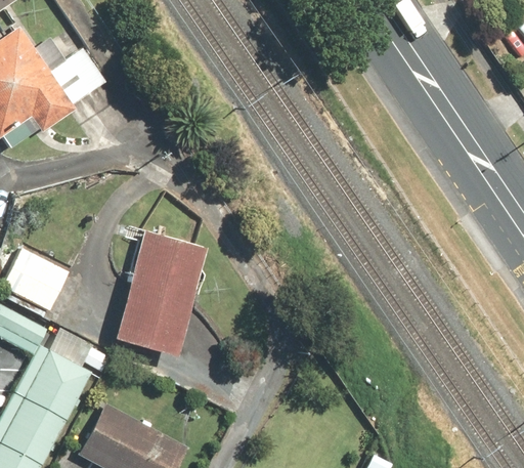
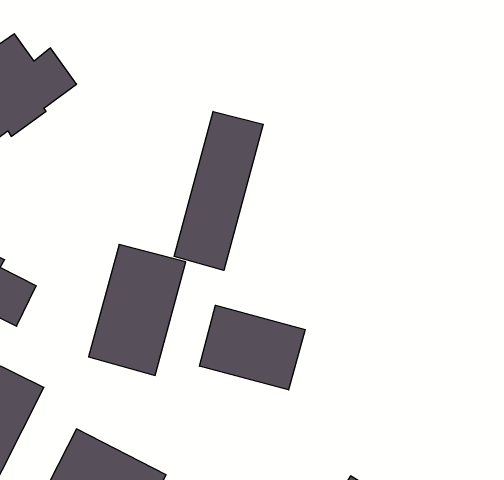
building: none -> [174,111,263,270]
building: none -> [199,305,305,390]

